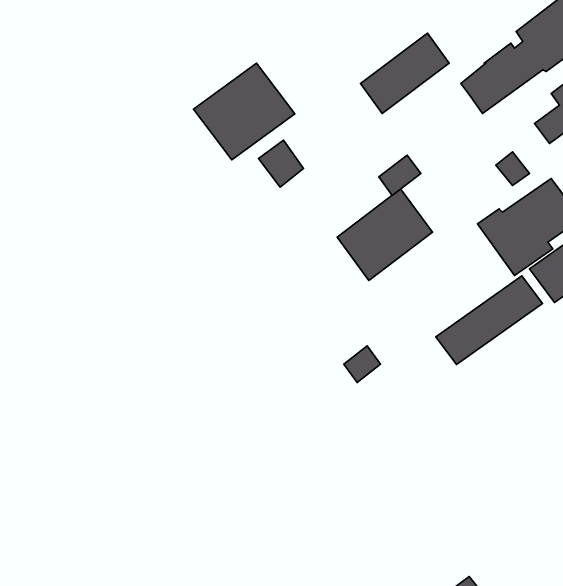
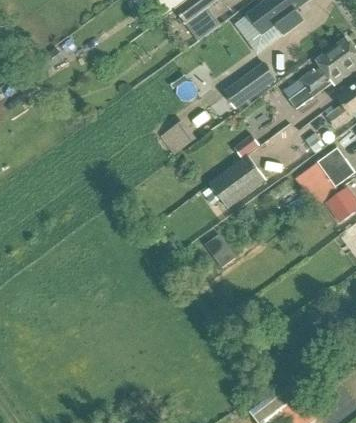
building: [193,63,295,160] -> none
building: [436,276,542,365] -> none

